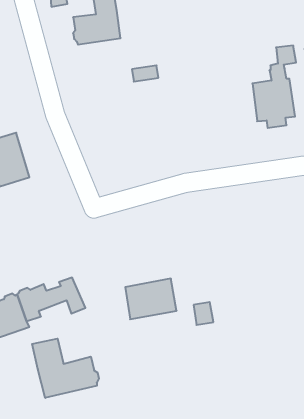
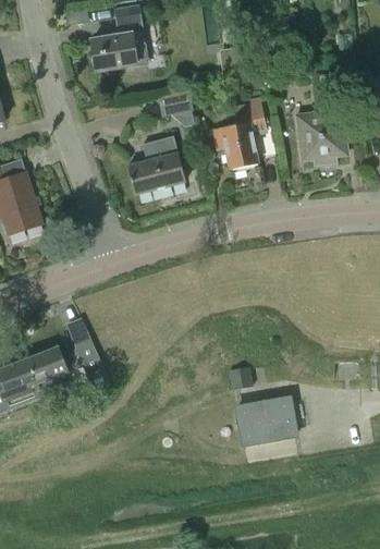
building: none -> [212,97,275,169]
building: none -> [127,142,185,194]
building: [125,279,177,319] -> [237,398,296,444]
building: [32,339,99,398] -> none

